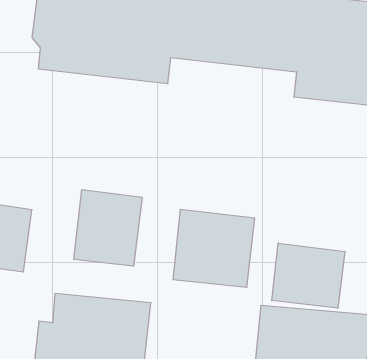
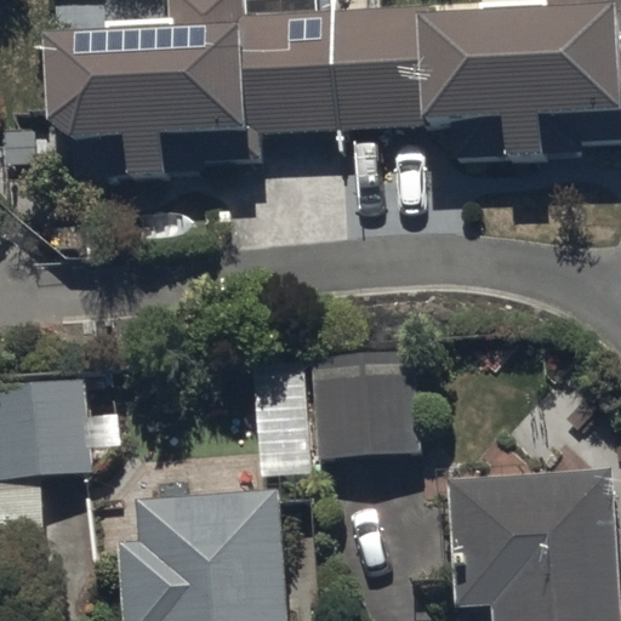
building: [74,190,142,266] -> none
building: [272,243,345,308] -> none

